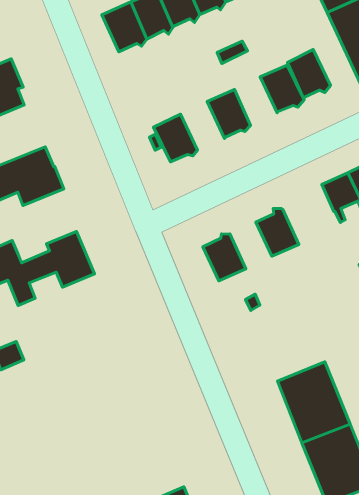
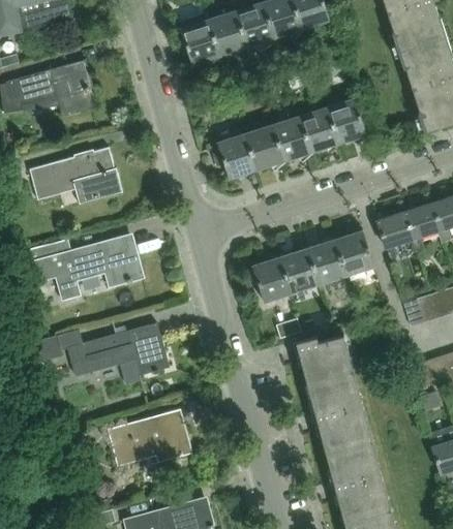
building: [287,50,330,98] -> [302,106,341,153]
building: none -> [246,124,286,170]
building: none -> [335,227,374,275]
building: none -> [280,245,319,292]
building: none -> [292,334,358,406]
building: none -> [68,323,171,382]
building: none -> [109,408,194,472]

